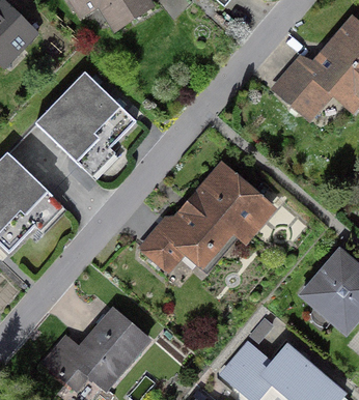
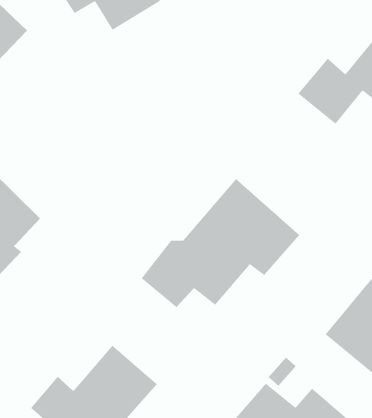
building: [35,72,137,178] -> none

